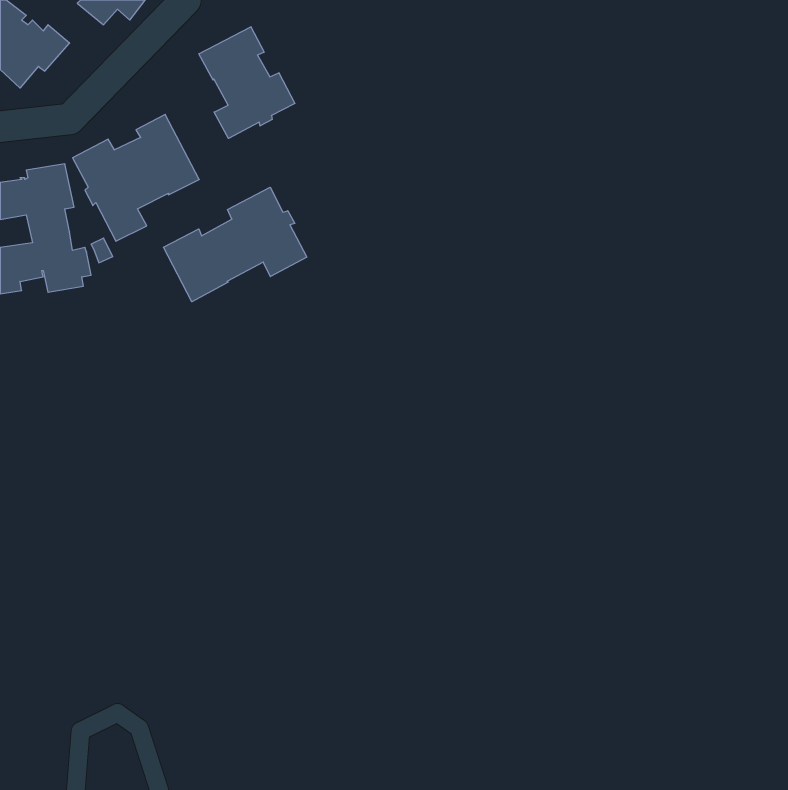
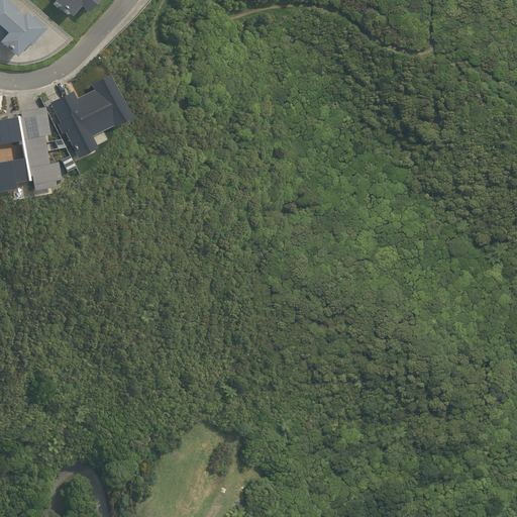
building: [199,27,295,138] -> none
building: [163,187,307,302] -> none

